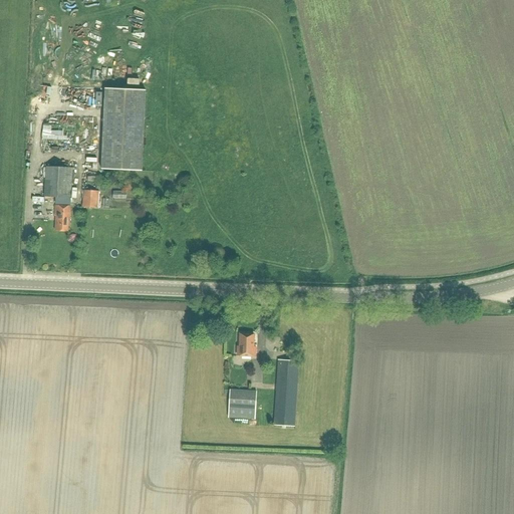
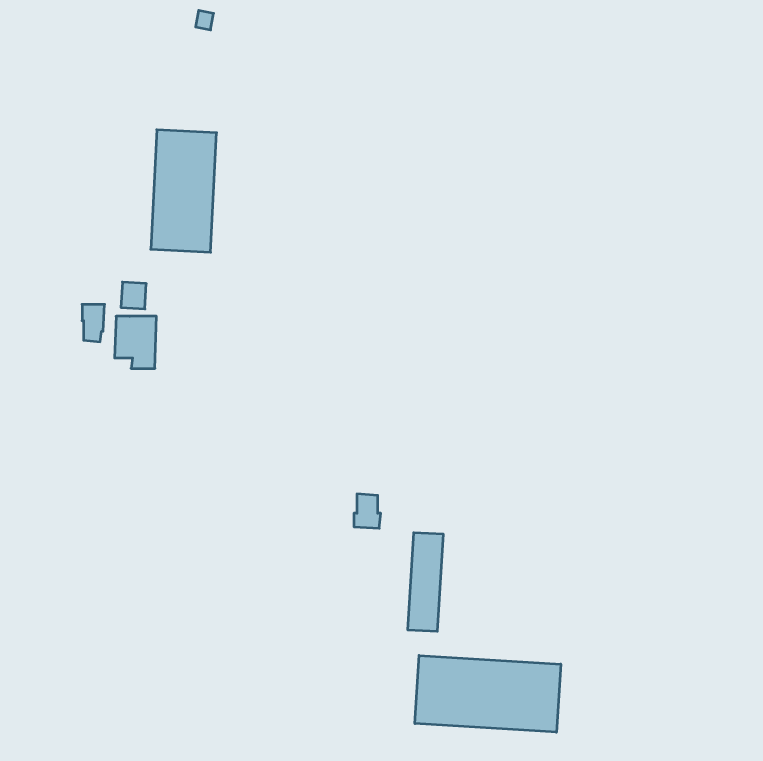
building: [43,168,71,203] -> [115,316,156,368]
building: [228,390,256,419] -> none
building: none -> [415,655,561,732]

